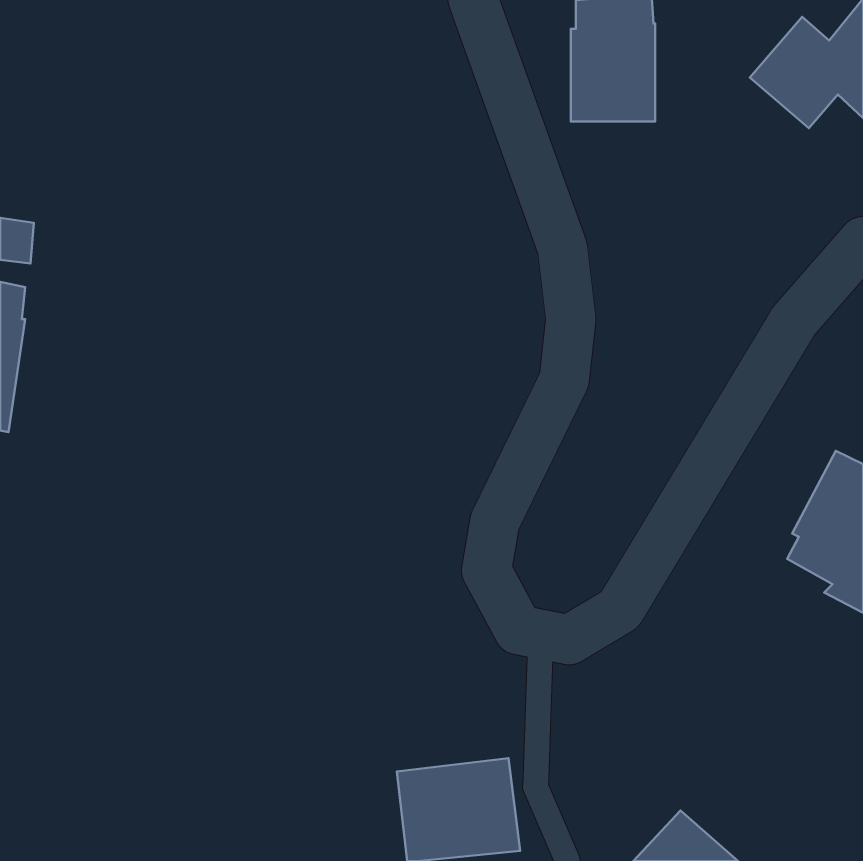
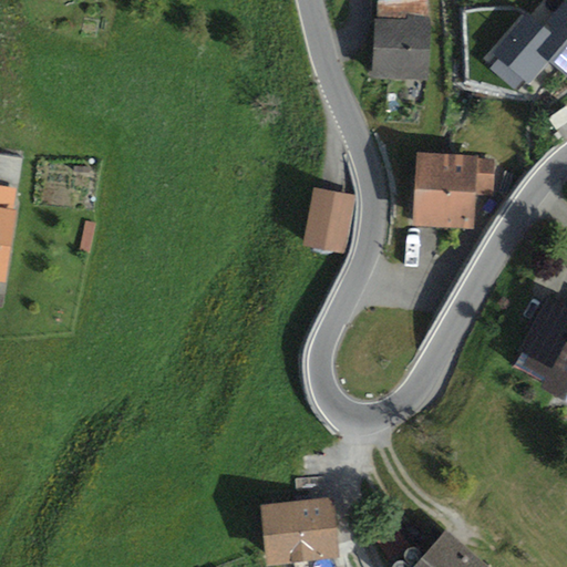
building: none -> [413,152,495,229]
building: none -> [302,187,354,252]

